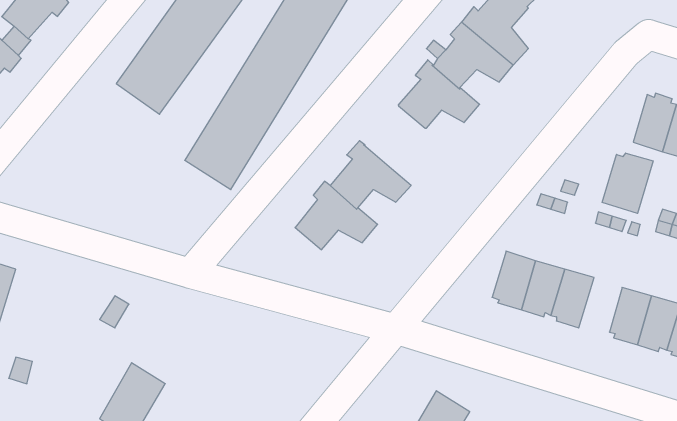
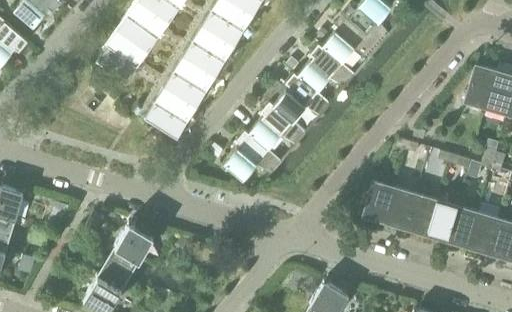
building: none -> [264,73,332,122]
building: [602,153,653,213] -> none
building: none -> [427,200,458,240]
building: none -> [107,223,154,276]

